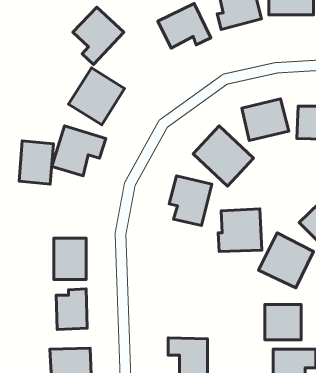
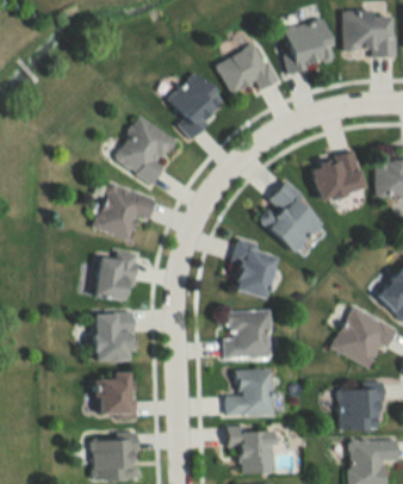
building: [73,7,124,64] -> [168,72,227,137]
building: [19,141,53,184] -> [97,250,136,300]
building: [218,209,262,251] -> [223,310,273,359]
building: none -> [227,370,272,415]

